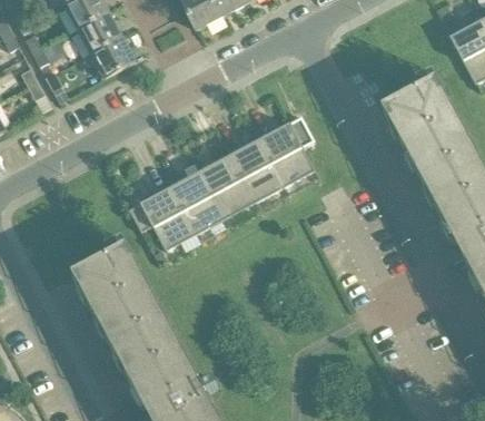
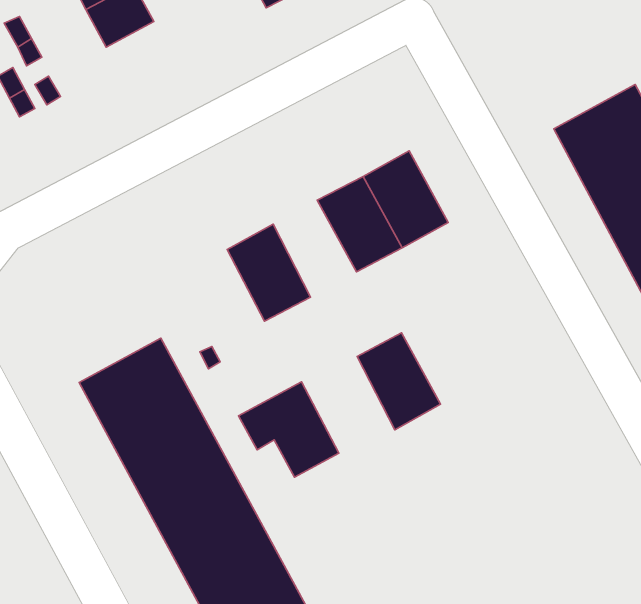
building: [90,36,133,76] -> none
building: [199,153,254,216] -> [357,333,441,430]
building: [128,185,194,247] -> [238,382,339,477]

